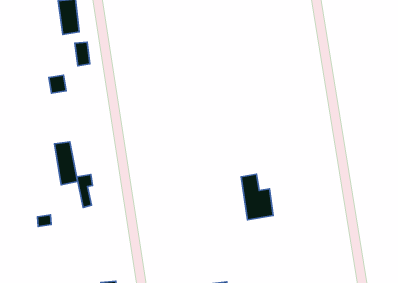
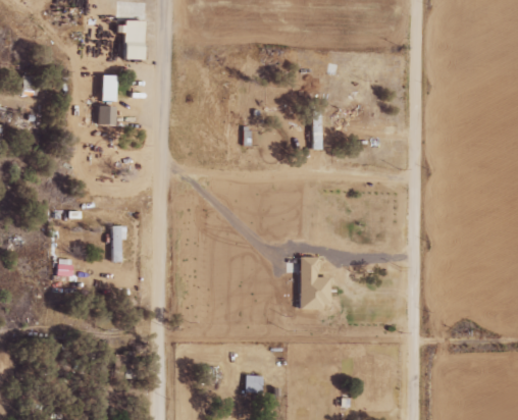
building: [75,42,90,66] -> [100,74,115,101]
building: [54,142,78,185] -> none

